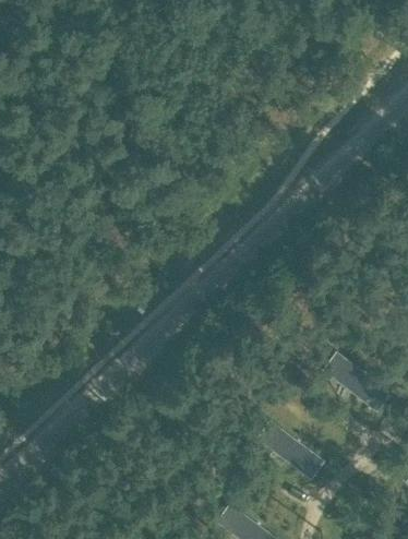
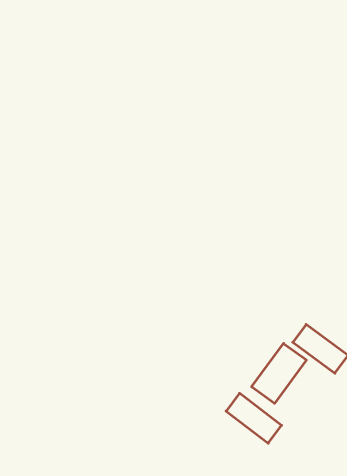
building: none -> [252,343,306,403]

